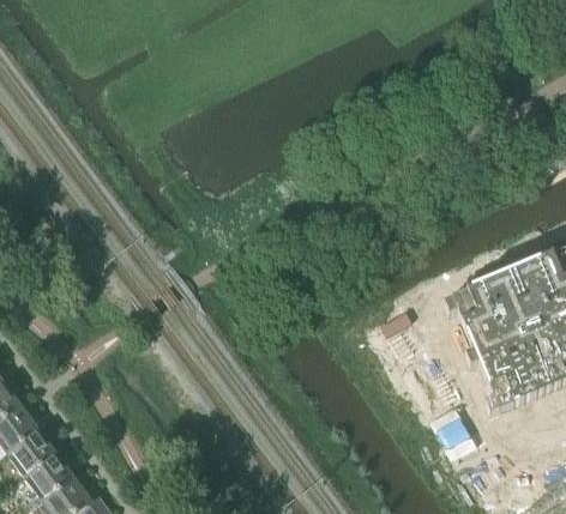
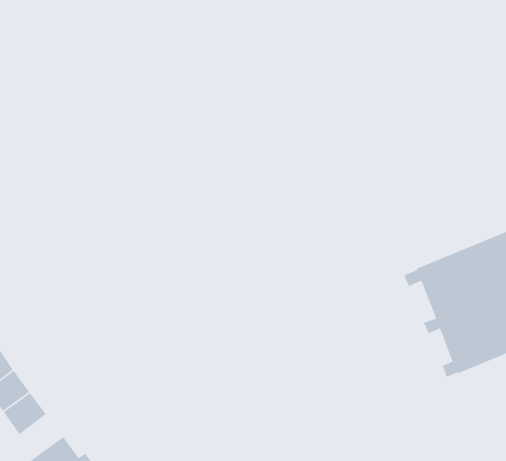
building: [24,450,72,496] -> none

